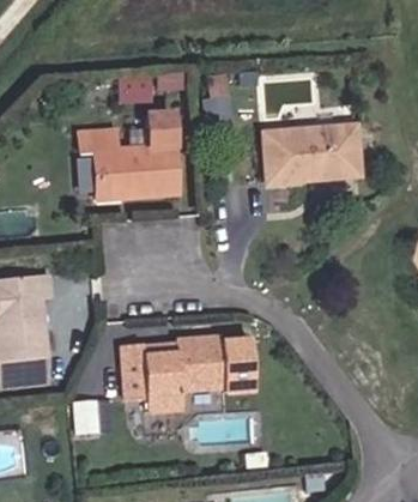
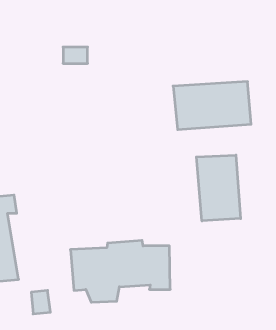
building: [77,109,181,201] -> none
building: none -> [196,155,241,221]

